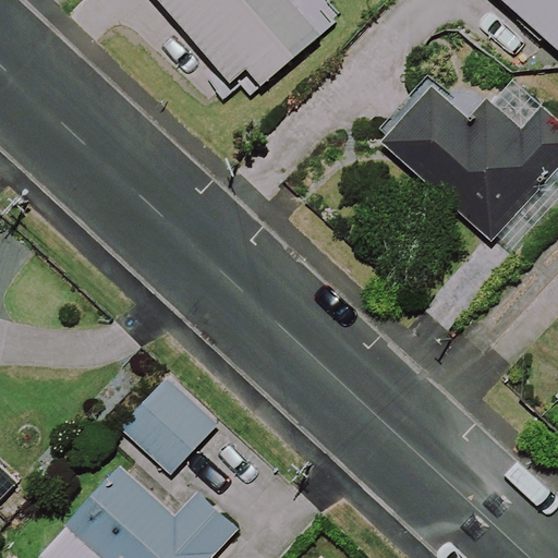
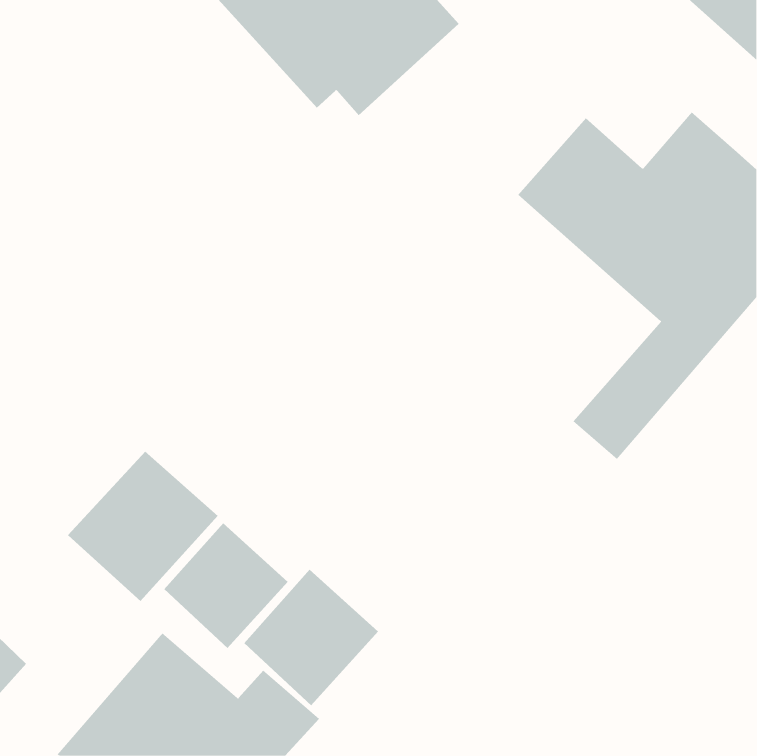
building: none -> [67,451,219,602]
building: none -> [244,569,379,706]

